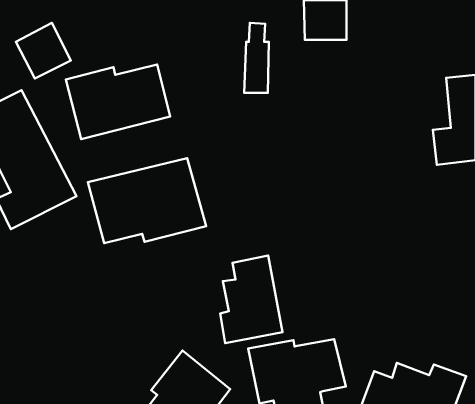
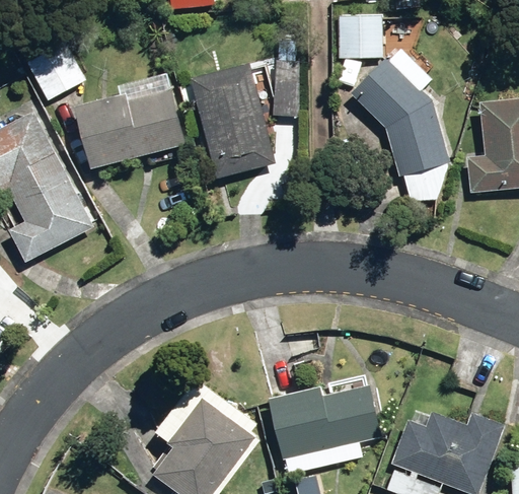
building: none -> [358,60,453,177]
building: none -> [186,67,272,183]
building: [88,158,206,243] -> none
building: [220,256,283,343] -> none

